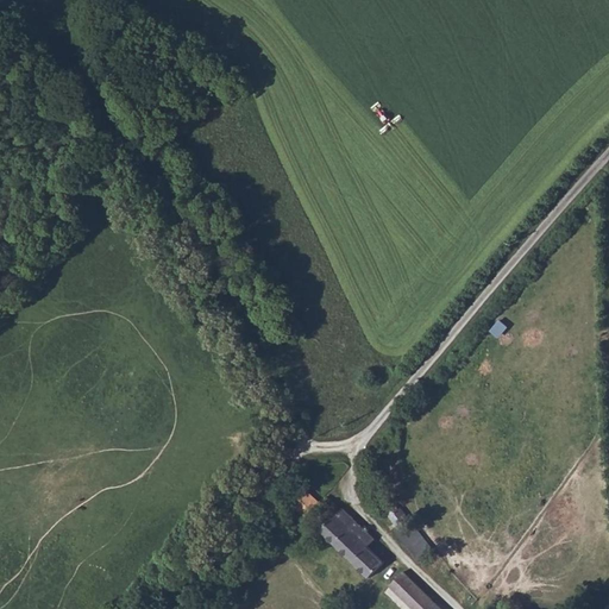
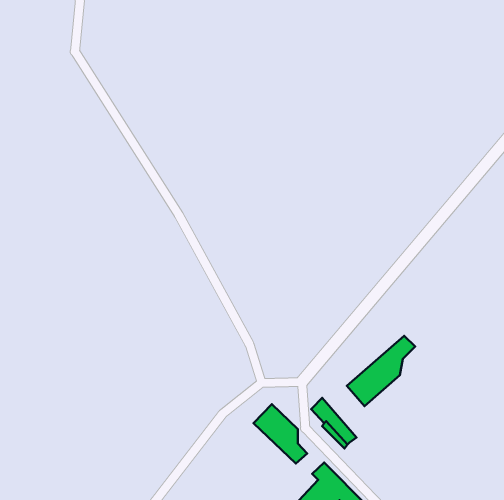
building: none -> [347,336,415,406]

